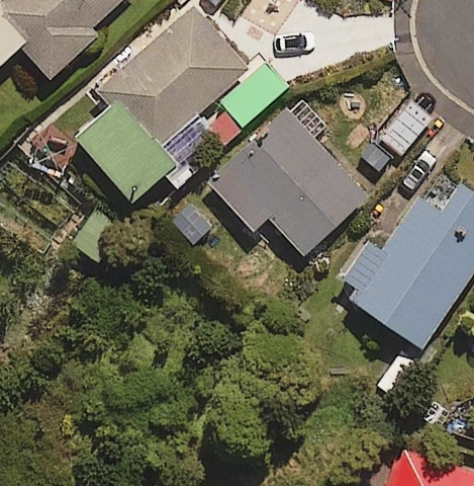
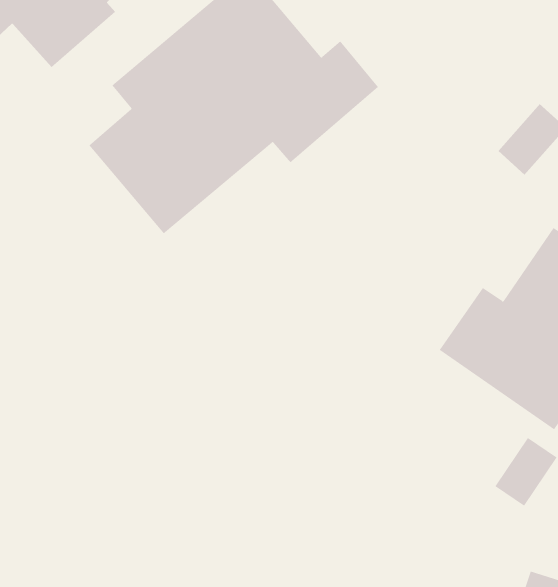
building: [209,110,366,254] -> none

